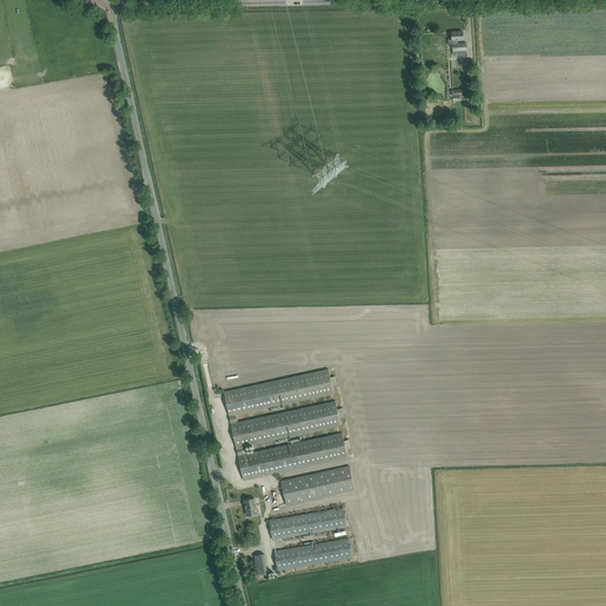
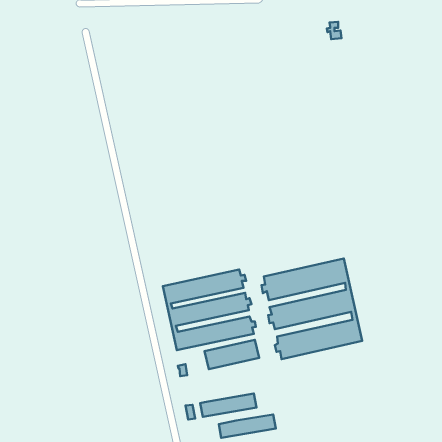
building: none -> [262,259,362,359]
building: [267,507,346,539] -> [219,414,276,438]

